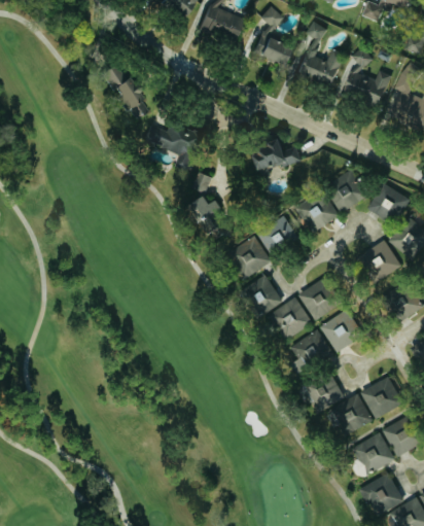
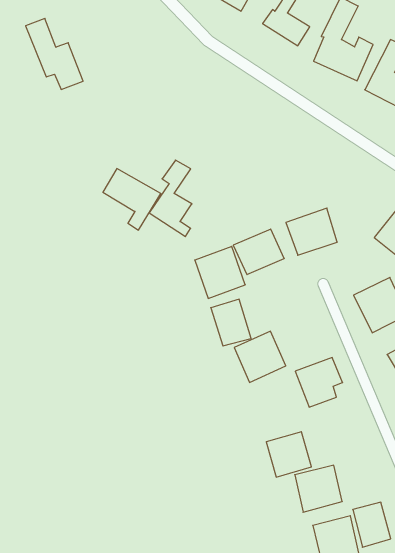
building: [101,64,153,118] -> [26,18,83,89]
building: [149,120,196,167] -> [103,169,161,230]
building: [251,142,301,168] -> none
building: [324,168,368,211] -> none
building: [299,282,338,320] -> none
building: [294,329,331,365] -> none
building: [362,377,402,417] -> none

